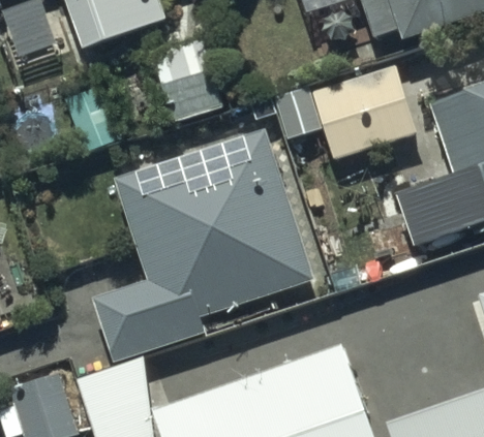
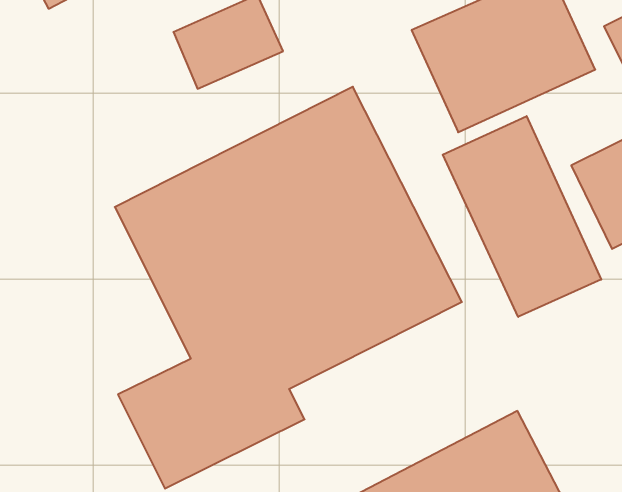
building: none -> [443,116,601,317]

